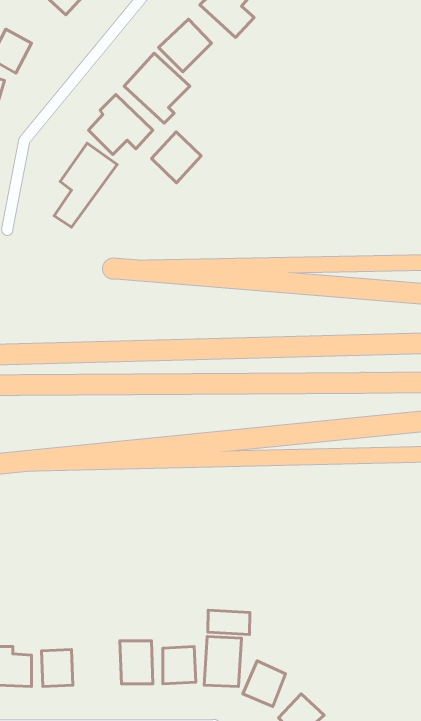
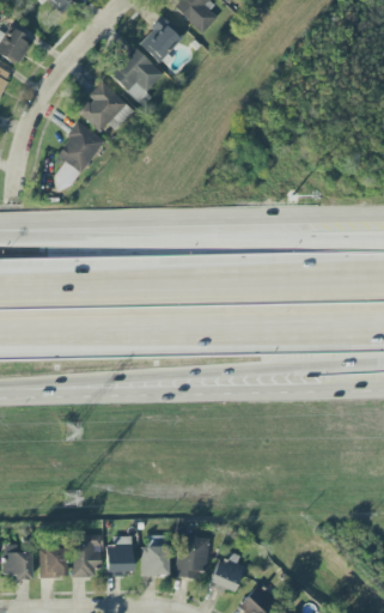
building: [151,132,201,183] -> none
building: [208,610,250,635] -> none
building: none -> [72,534,102,577]

